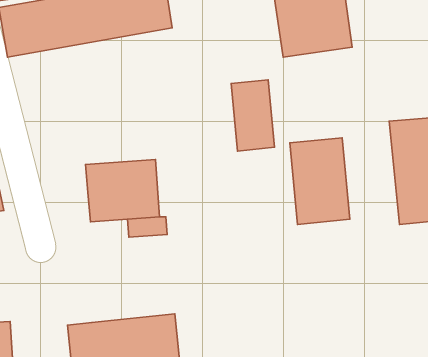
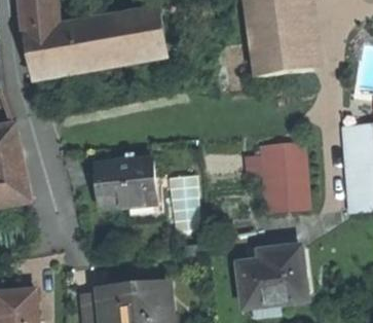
building: [231,80,274,151] -> [167,171,202,228]
building: none -> [237,247,306,308]

